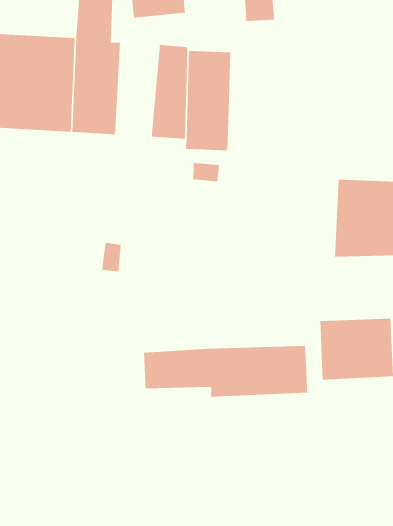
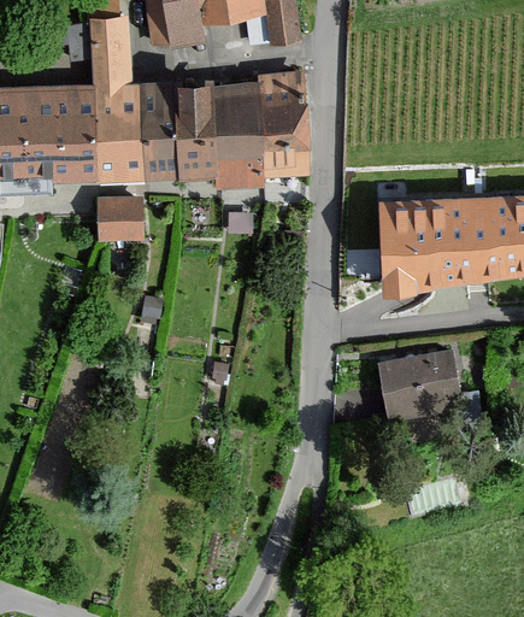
building: none -> [139,82,179,182]
building: none -> [257,74,310,180]
building: none -> [94,195,142,245]
building: [144,345,308,398] -> none

